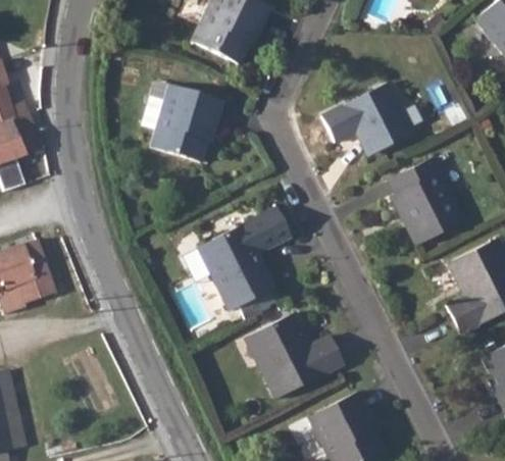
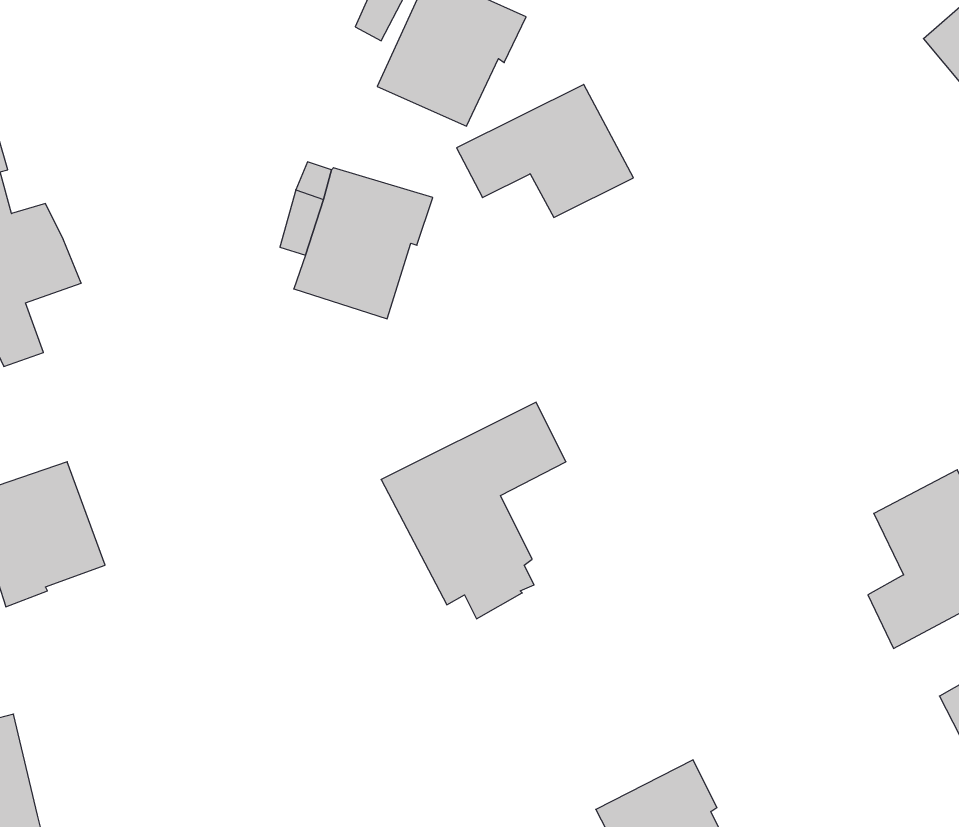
building: [323,85,414,153] -> [457,84,633,217]
building: [389,158,466,245] -> none
building: [254,312,345,398] -> none

